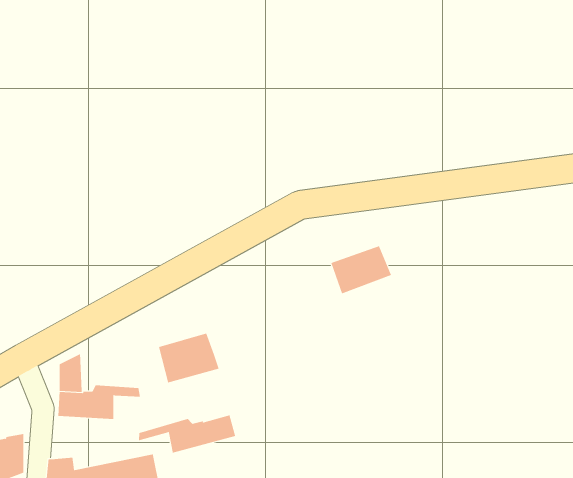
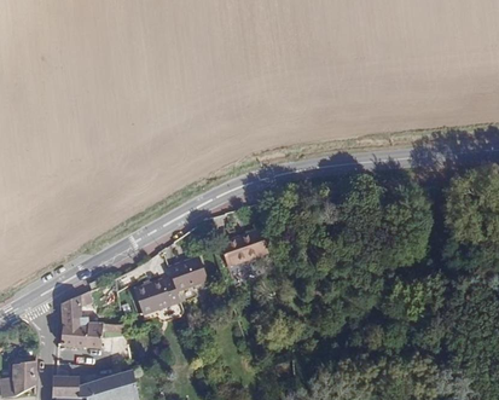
building: [331,245,392,294] -> [226,234,273,272]
building: none -> [173,260,213,295]
building: [139,415,236,454] -> none

